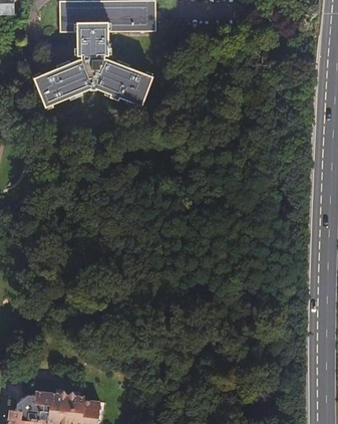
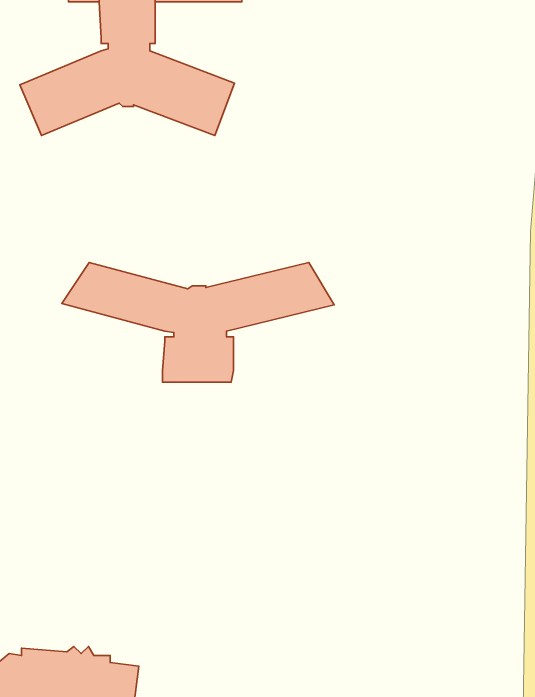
building: none -> [62,263,334,382]

